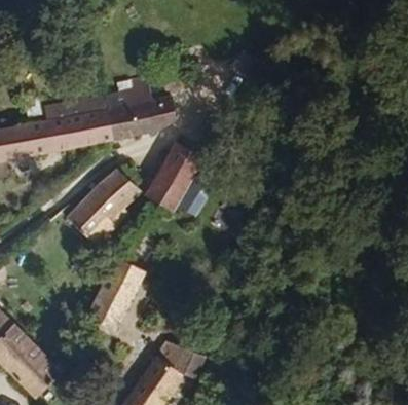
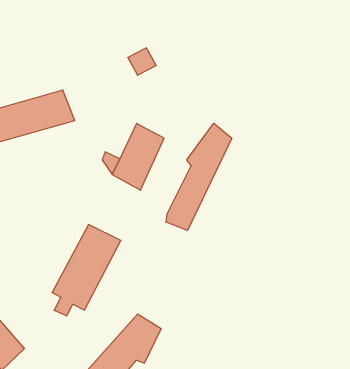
building: [99,70,176,138] -> none
building: none -> [166,123,232,230]
building: [61,169,133,246] -> none

